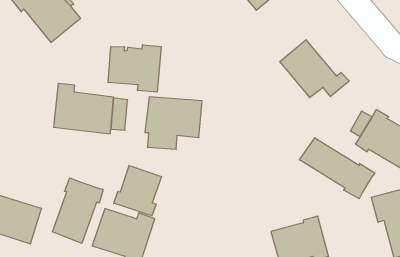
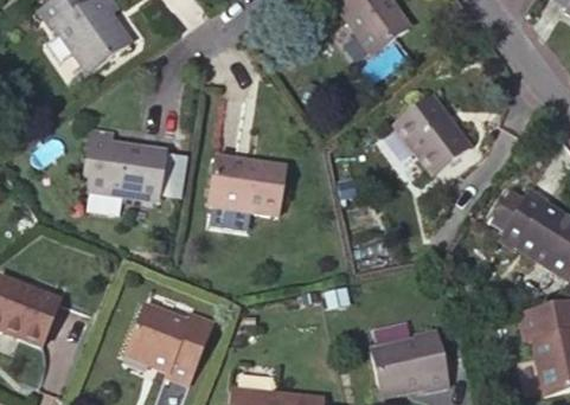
building: [108,45,161,92] -> none
building: [299,138,375,199] -> none
building: [114,165,161,216] -> none
building: [52,178,103,243] -> none

